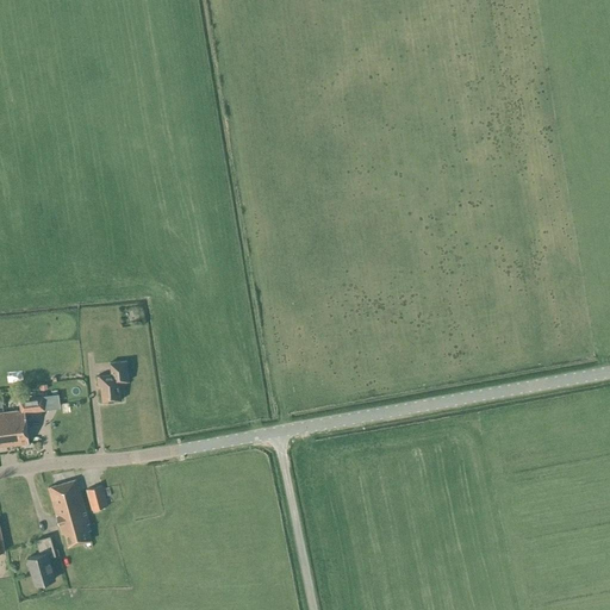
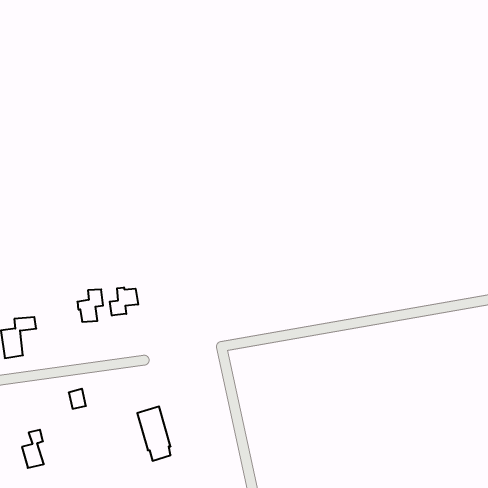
building: none -> [110,287,138,316]
building: [49,479,91,547] -> [137,406,171,461]

